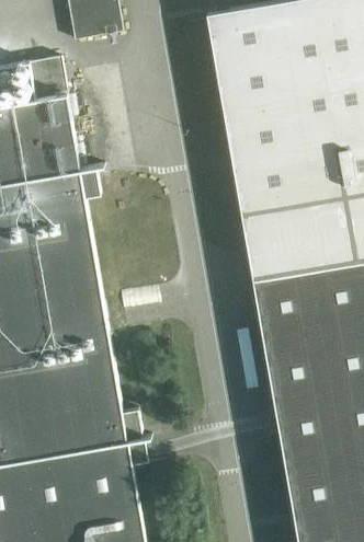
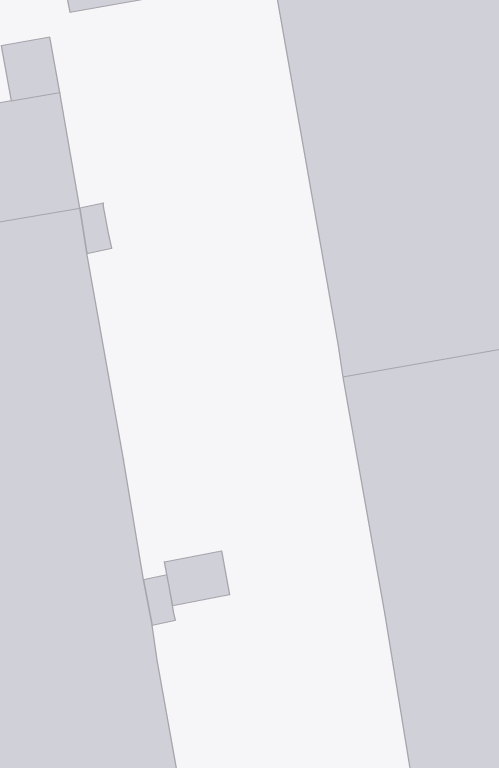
building: none -> [165,551,230,606]

